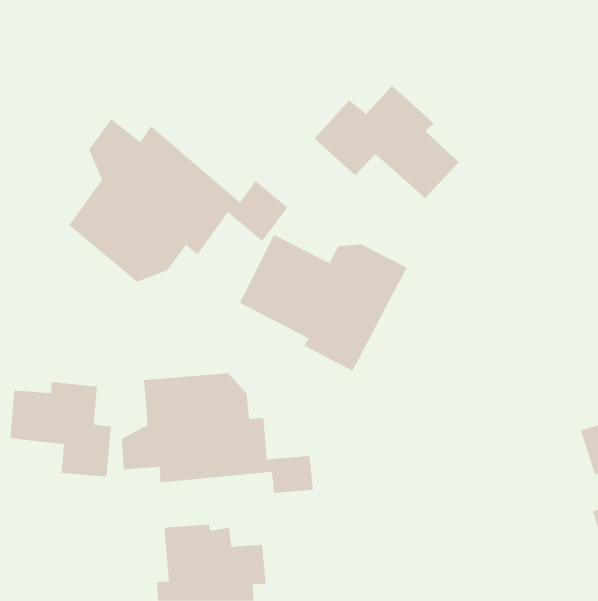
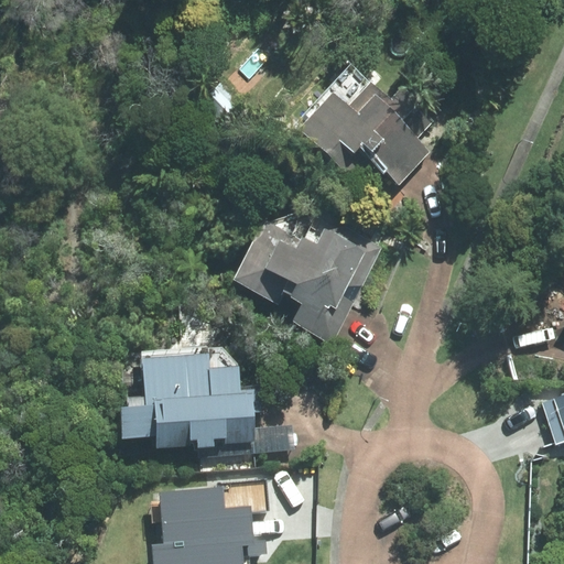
building: [69,118,288,282] -> none
building: [10,381,112,478] -> none

